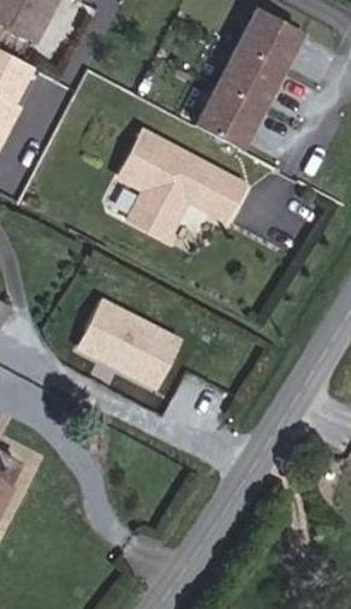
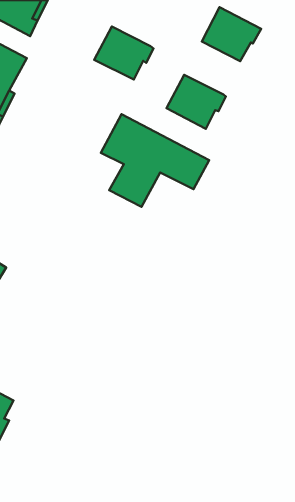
building: [215,48,284,110] -> [94,26,154,80]
building: [77,292,188,388] -> none

